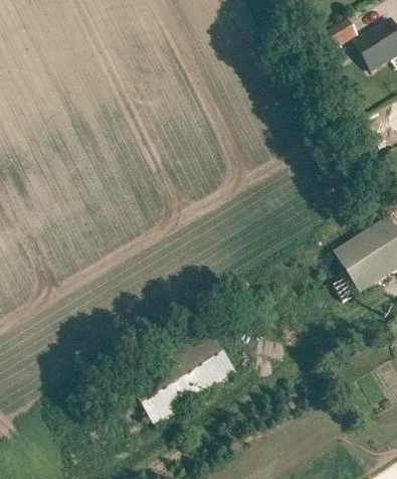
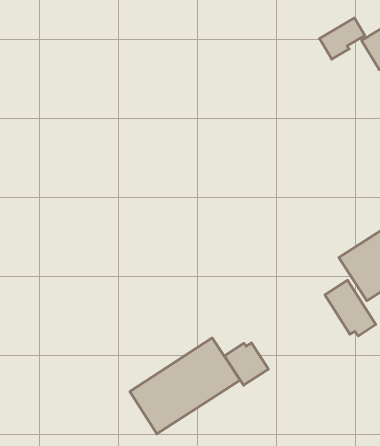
building: none -> [325,280,376,336]
building: none -> [224,343,268,385]

